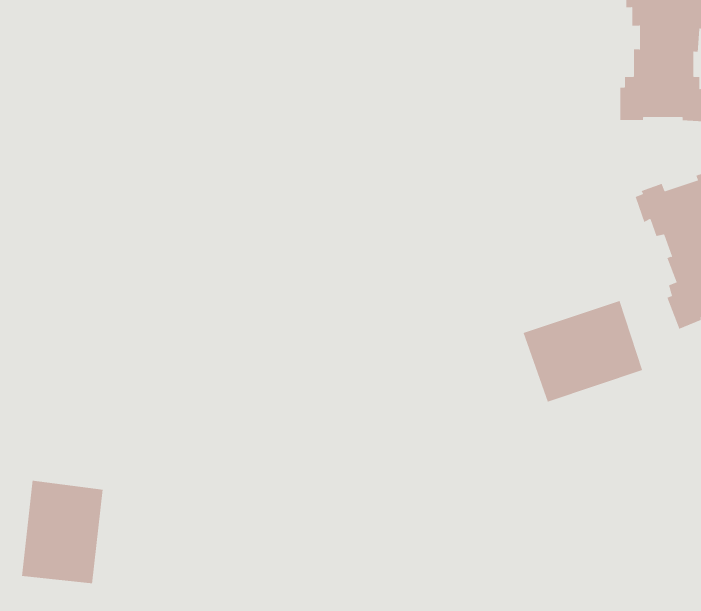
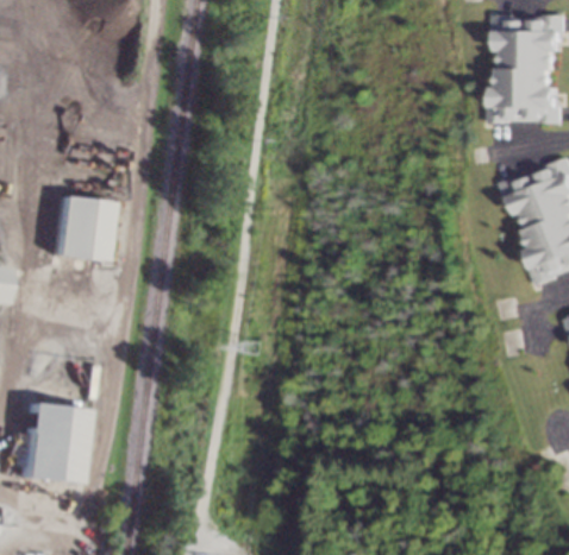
building: none -> [54,197,113,263]
building: [523,300,643,403] -> none

